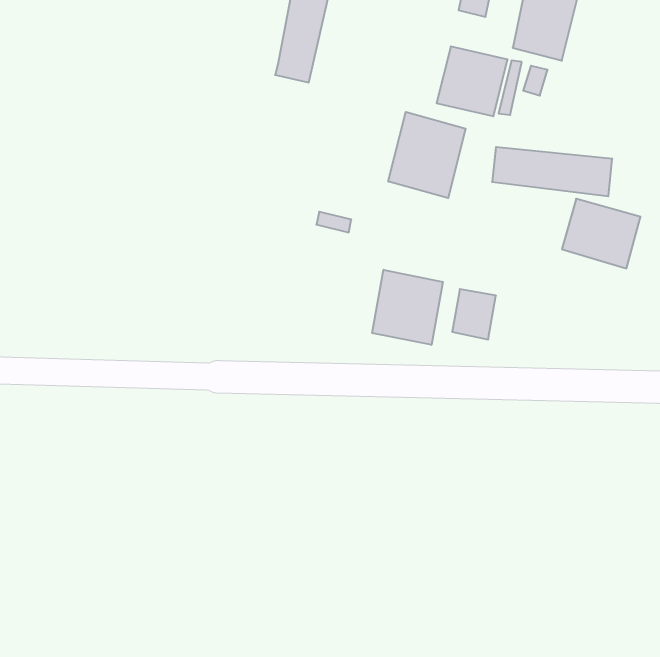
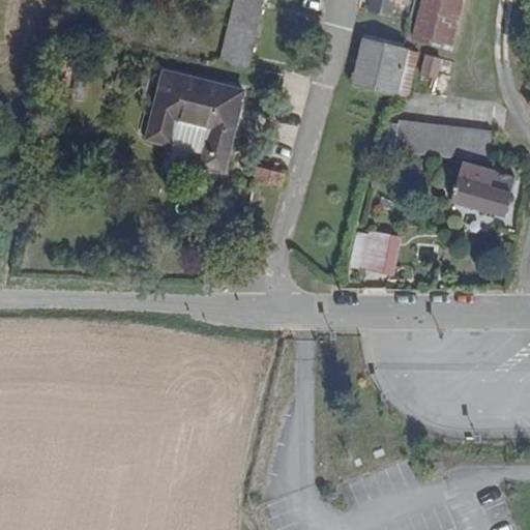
building: none -> [145,69,242,170]
building: [388,112,466,198] -> none
building: [372,270,443,345] -> none

